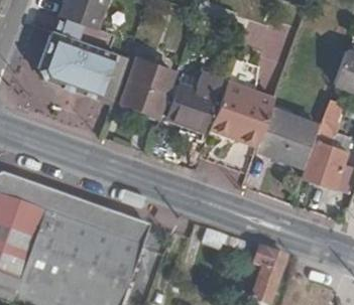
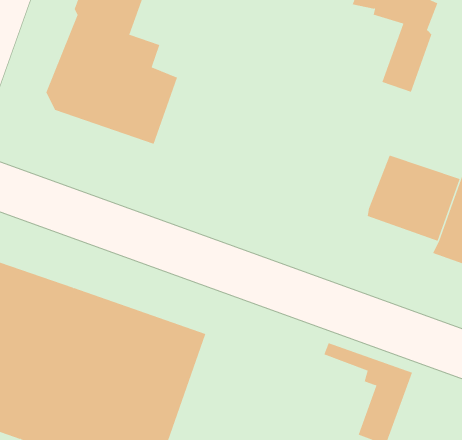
building: [123,70,170,112] -> none
building: [166,81,219,130] -> none
building: [210,83,274,145] -> none

